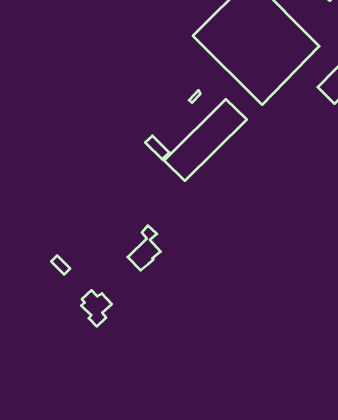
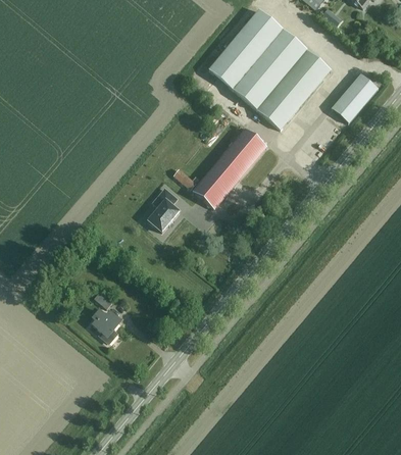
building: [128,226,161,270] -> [148,188,179,231]
building: [81,290,112,326] -> [92,307,120,341]

